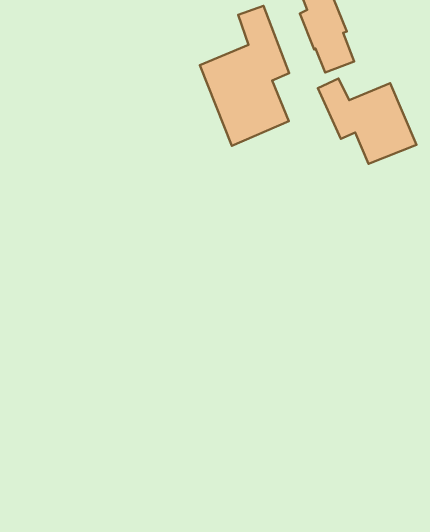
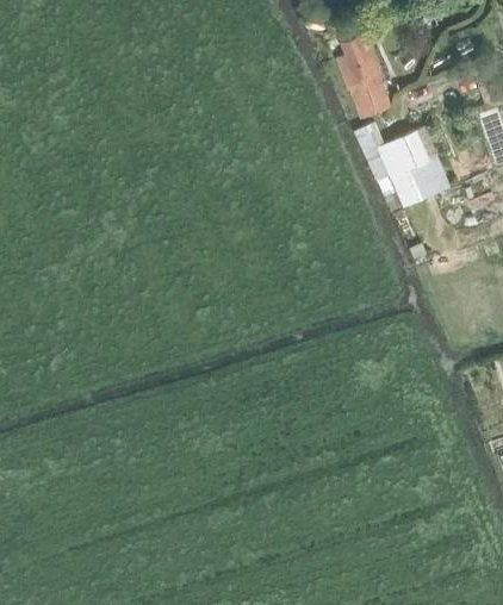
building: [200,6,289,146] -> none

